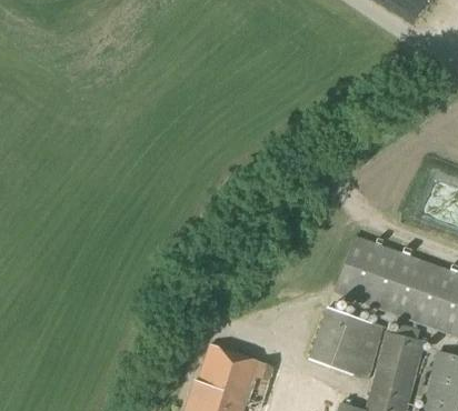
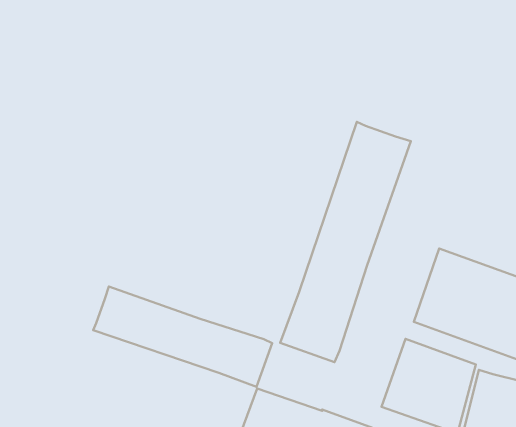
building: none -> [280,122,411,362]
building: none -> [93,286,272,387]

